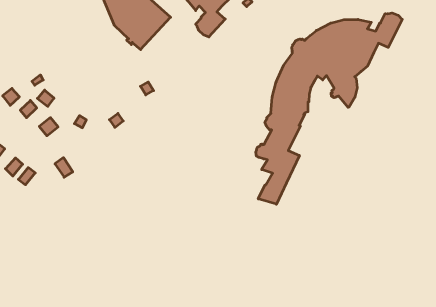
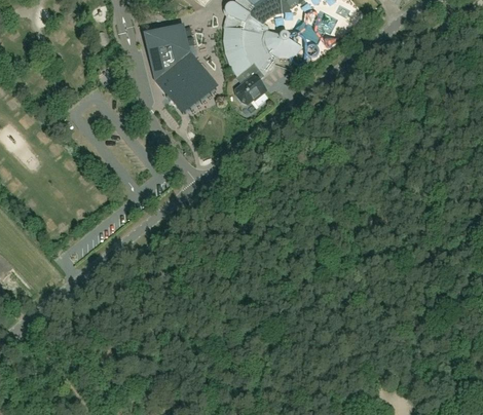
building: [256,13,402,204] -> none

